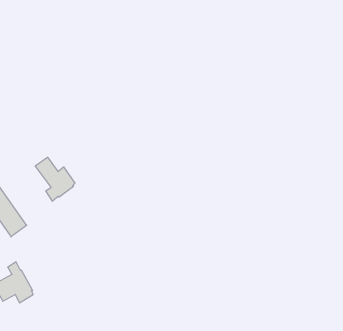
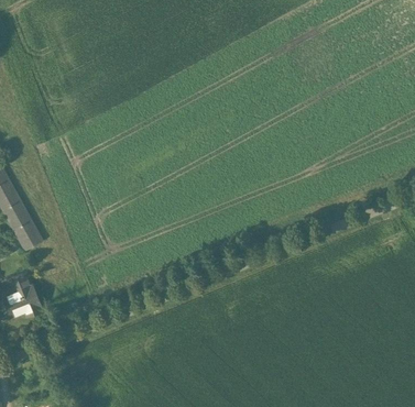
building: [35,157,75,201] -> none

